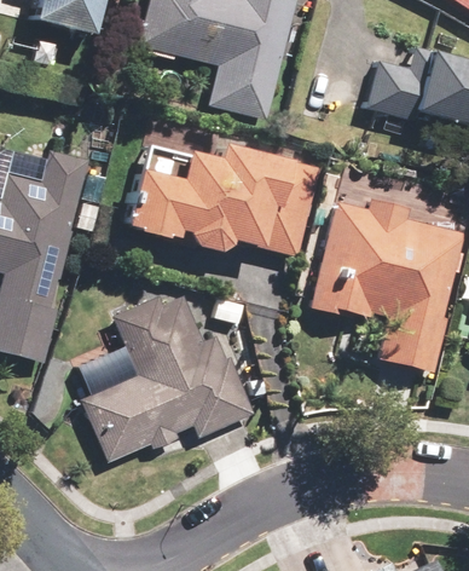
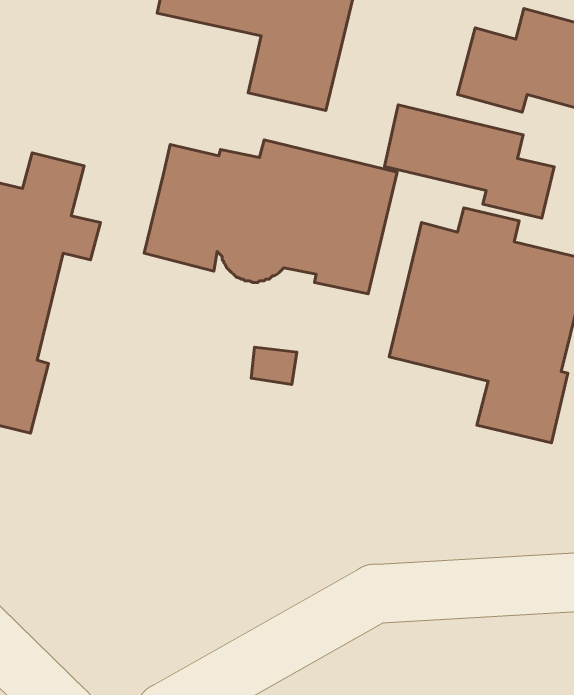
building: none -> [384,105,554,218]
building: [77,294,265,463] -> none

